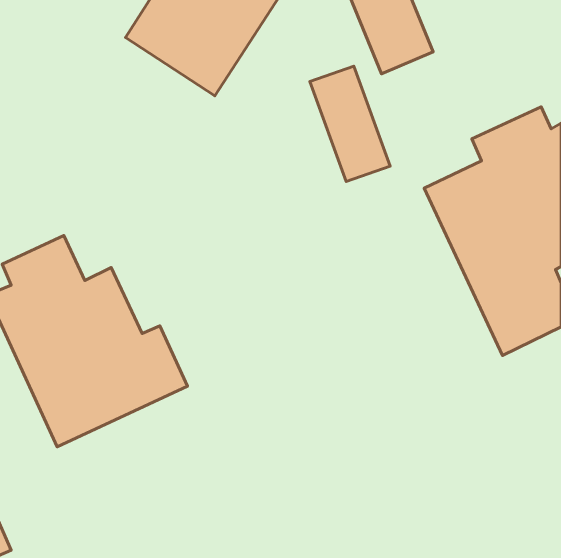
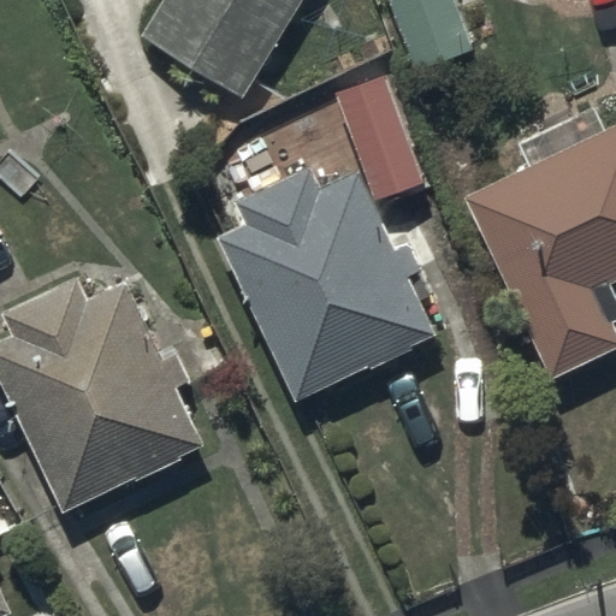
building: none -> [225,170,433,398]

